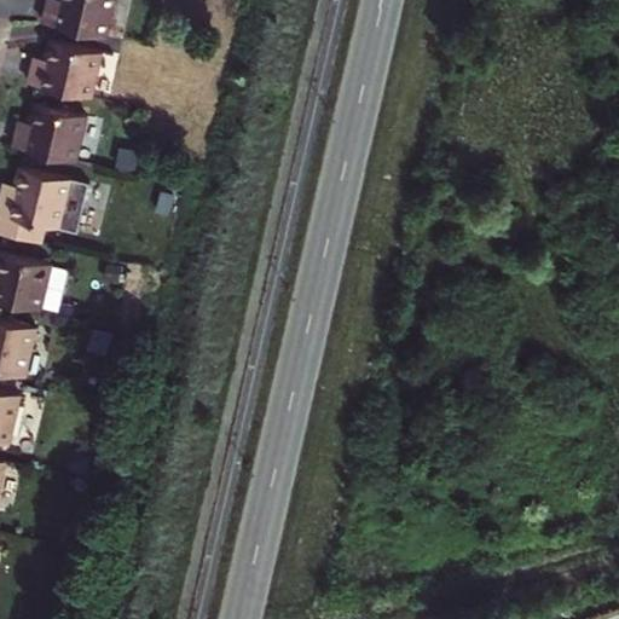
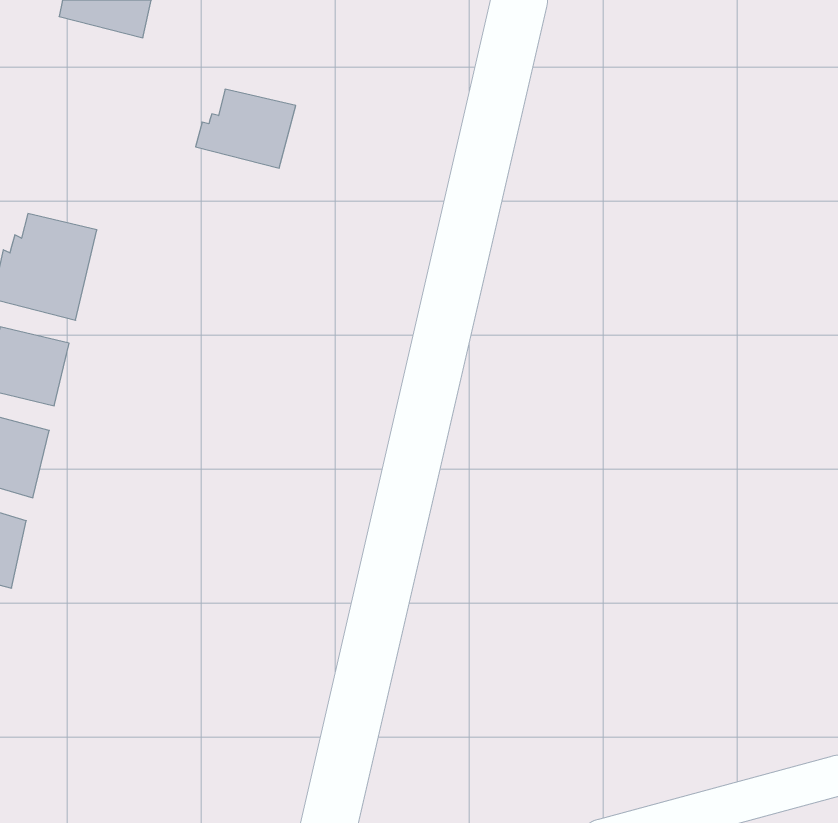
building: [29,42,103,100] -> [196,89,296,168]
building: [15,105,87,163] -> none

